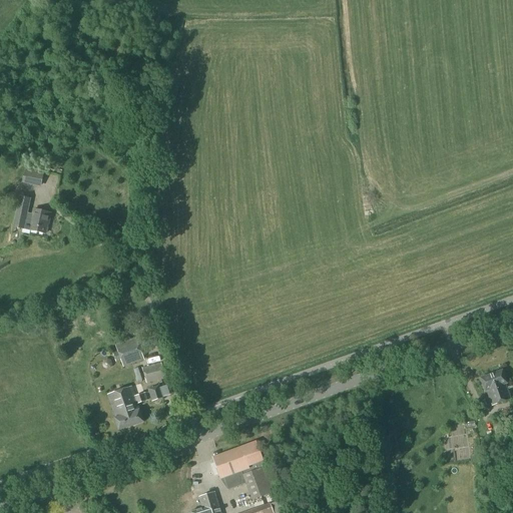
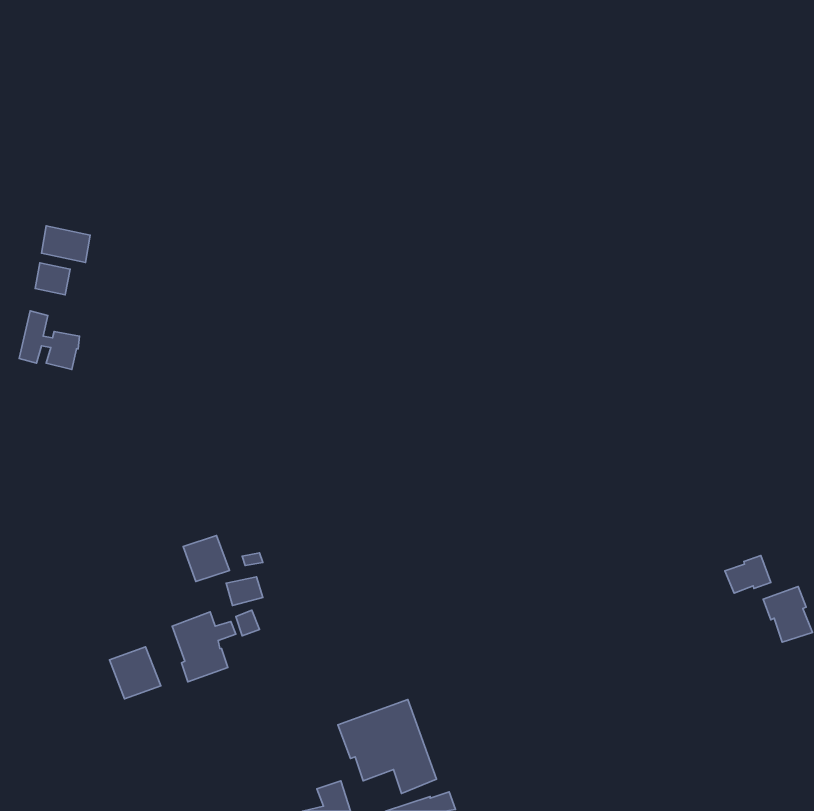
building: none -> [41,226,90,262]
building: none -> [725,556,771,593]
building: none -> [110,647,161,699]

